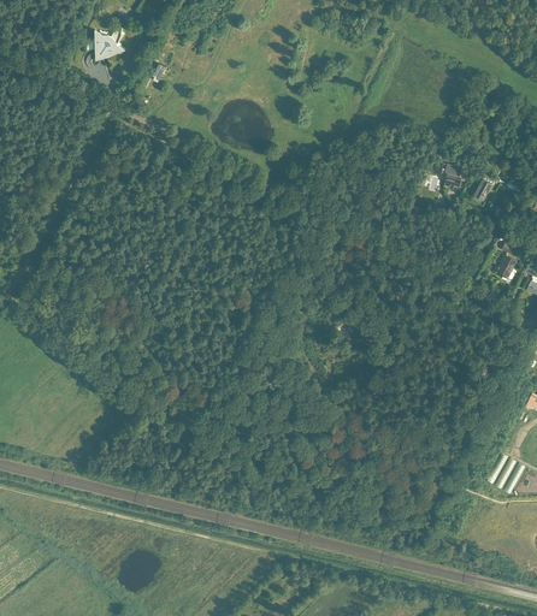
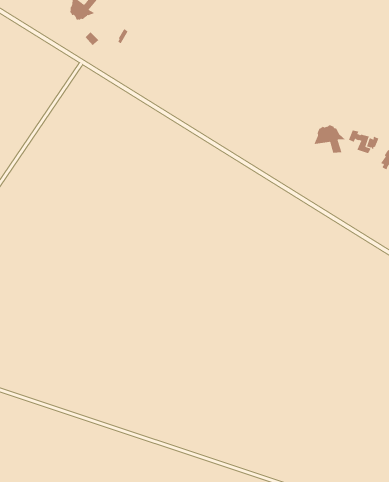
building: none -> [314,124,346,154]

